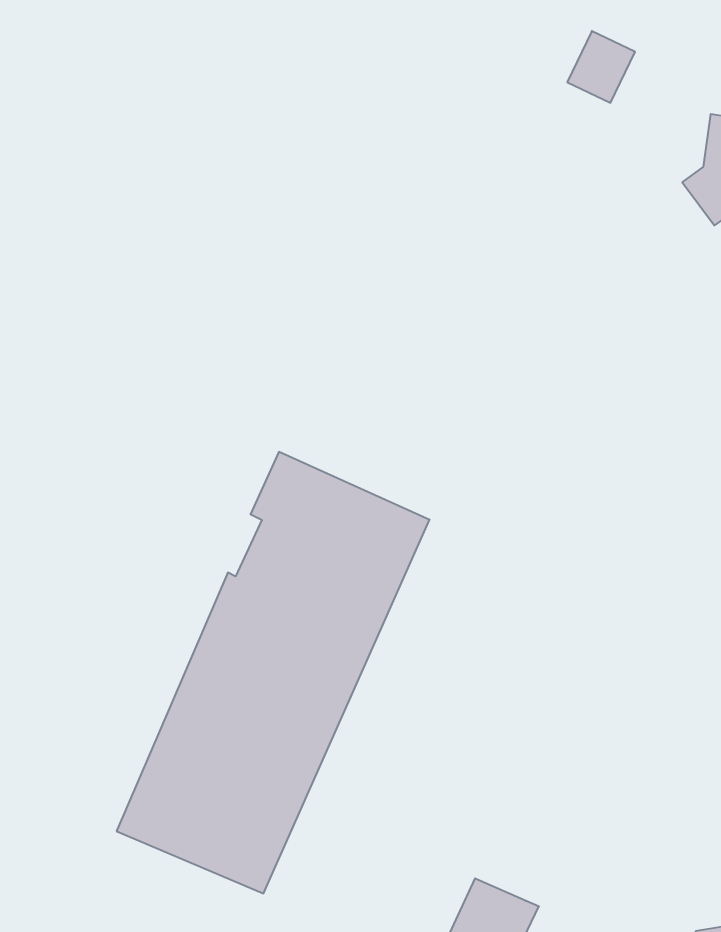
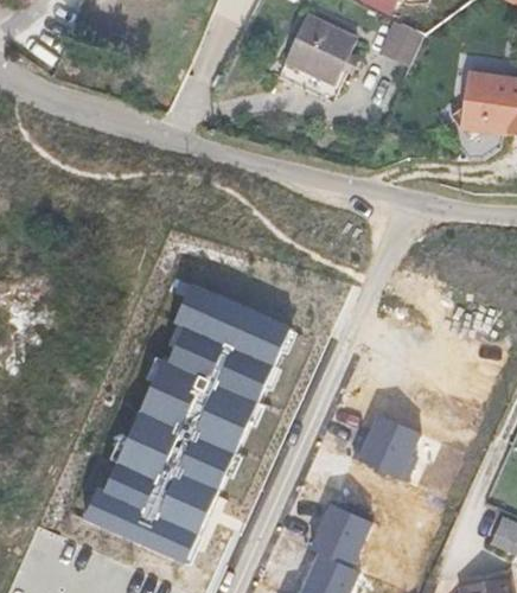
building: none -> [282,14,355,84]
building: none -> [350,414,417,482]
building: none -> [308,503,369,567]

